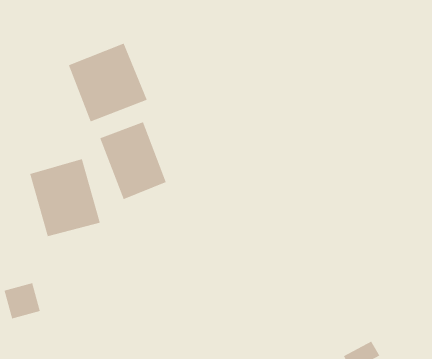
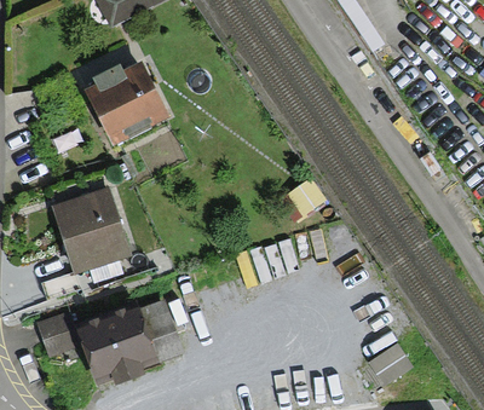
building: [99,121,167,200] -> none
building: none -> [77,298,178,377]

